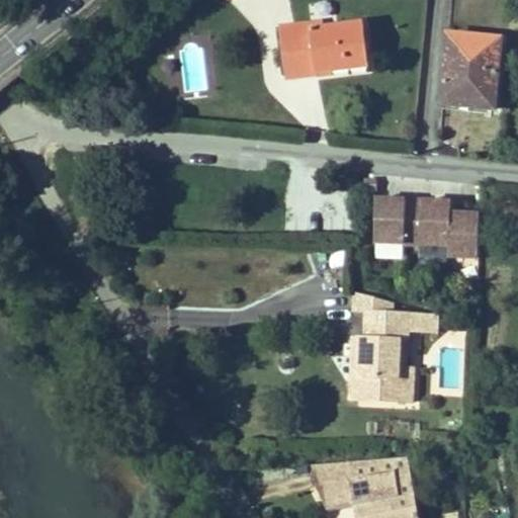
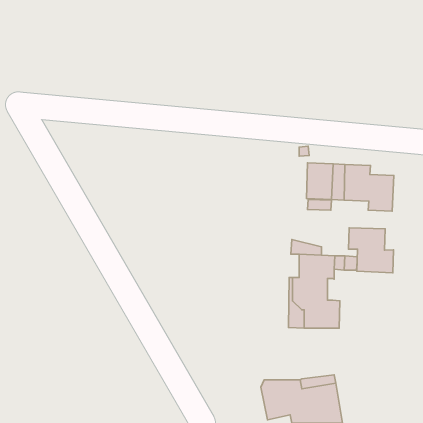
building: [278,19,368,76] -> none
building: [441,33,499,109] -> none
building: none -> [348,228,394,273]

